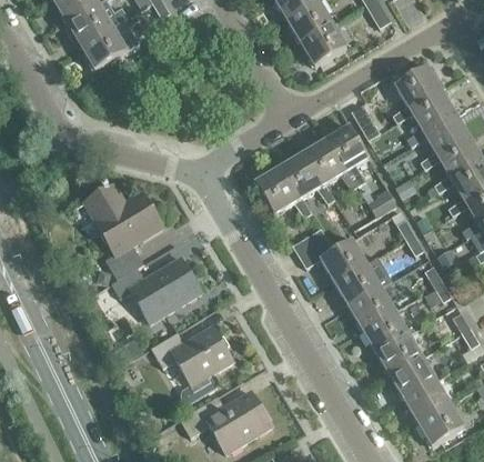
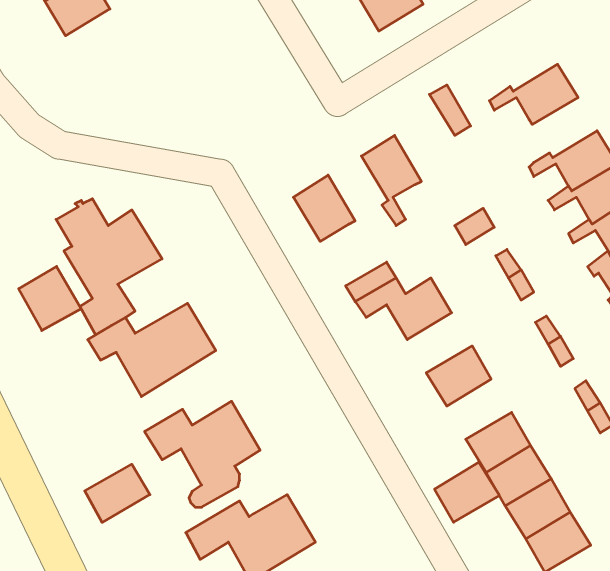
building: [395,66,445,108] -> none
building: [406,112,468,158] -> none
building: [326,125,369,188] -> none
building: [280,153,322,217] -> none
building: none -> [19,266,81,331]
building: [335,263,381,305] -> none
building: [363,310,409,352] -> [435,462,499,522]
building: none -> [85,464,150,522]

